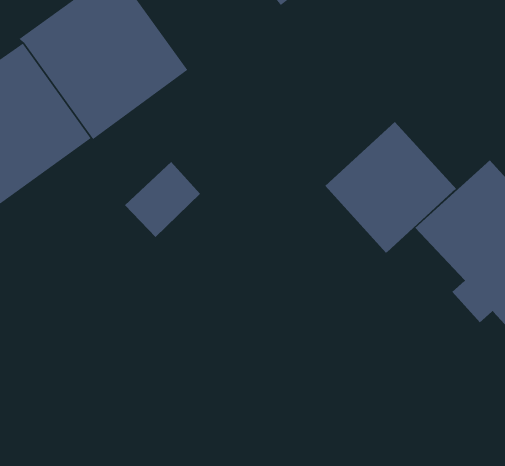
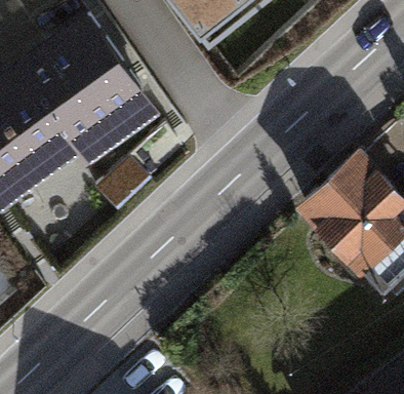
building: [325,121,457,254] -> none

